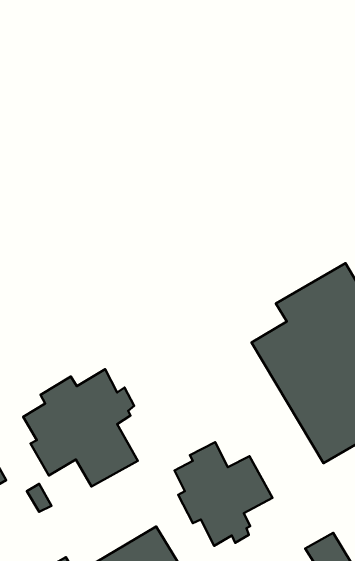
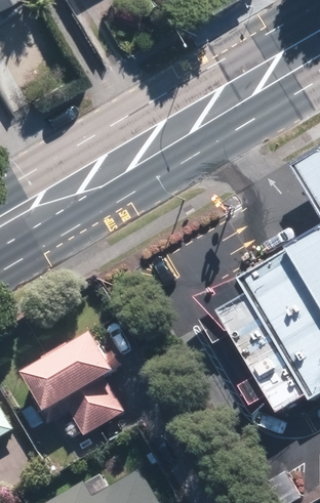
building: [175,442,272,546] -> none

